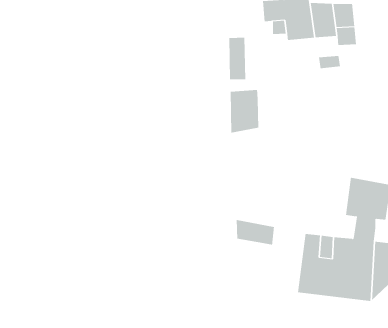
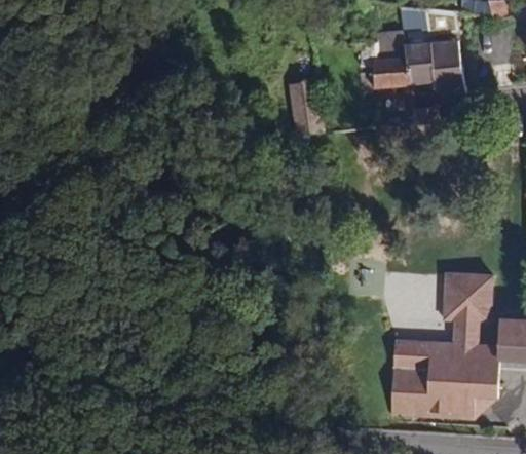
building: [230,89,259,134] -> none
building: [236,219,275,245] -> none

